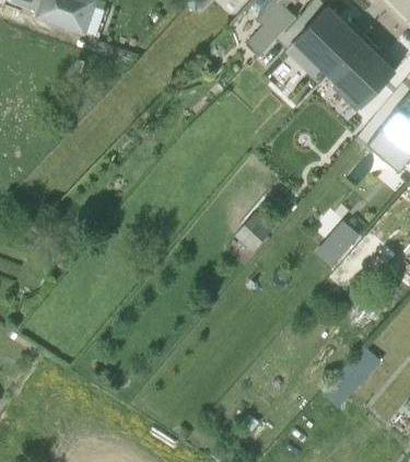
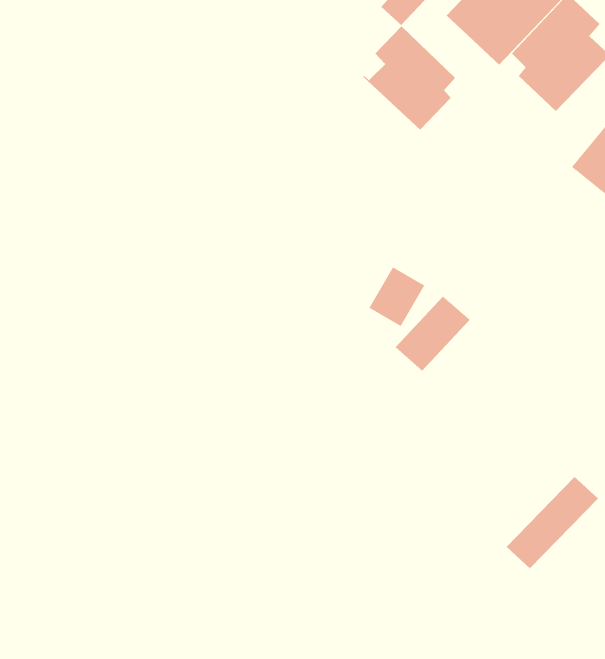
building: none -> [363,25,456,131]
building: [316,216,364,264] -> [395,296,470,371]

